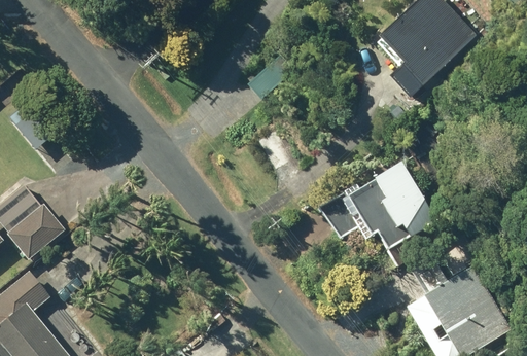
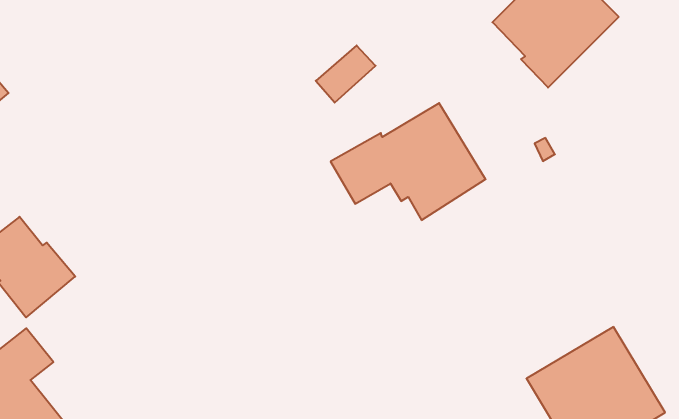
building: [319,162,436,250] -> [331,103,486,220]

